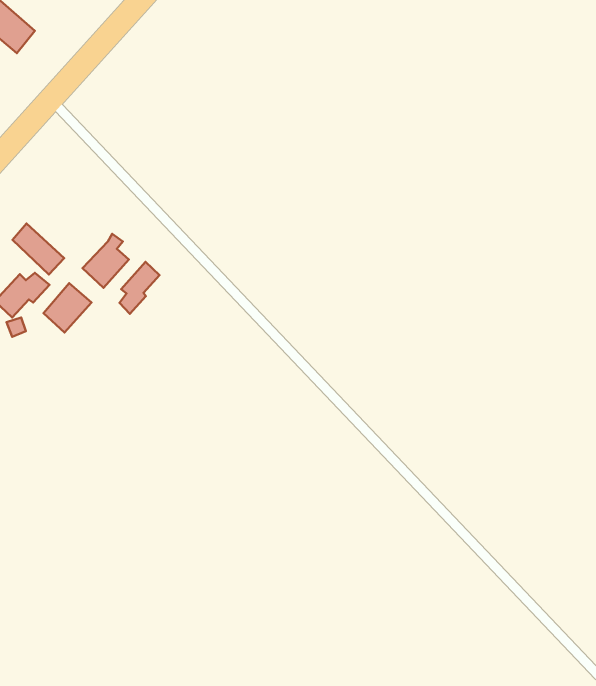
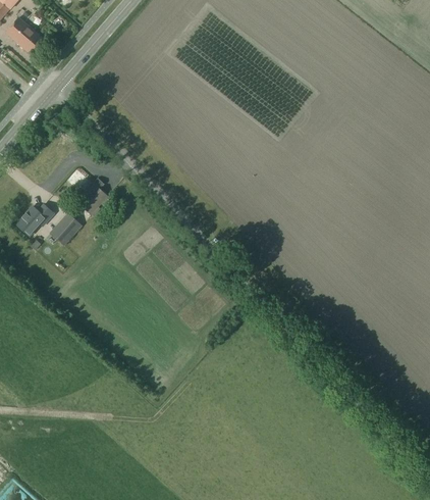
building: [13,223,64,274] -> none
building: [120,262,160,314] -> none

